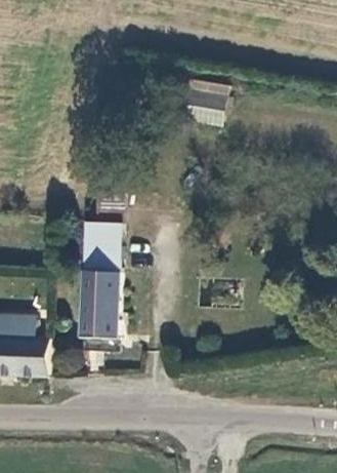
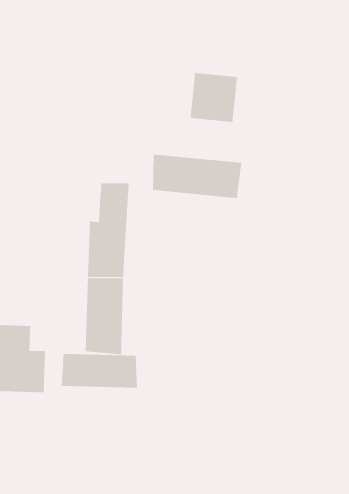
building: none -> [152,154,242,199]
building: none -> [61,353,138,389]

